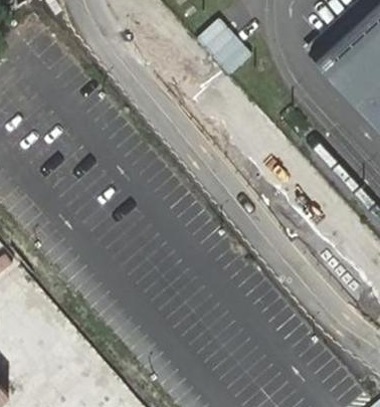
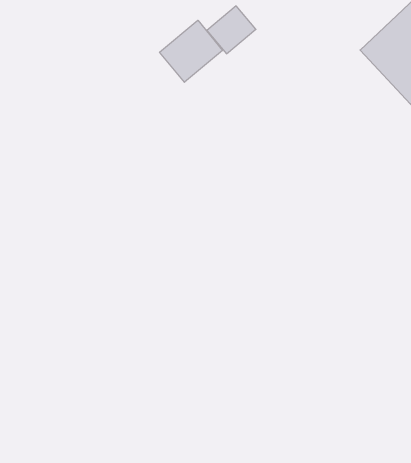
building: none -> [160,20,223,82]

